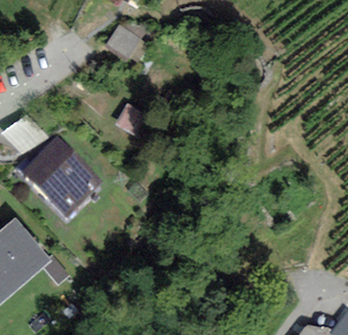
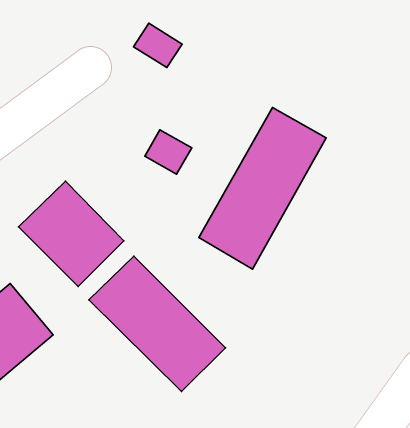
building: none -> [199,107,326,269]
building: none -> [89,256,225,391]

